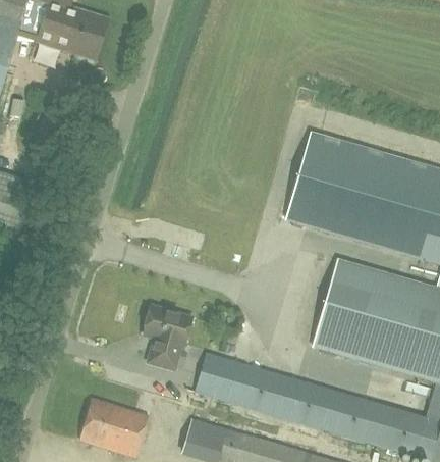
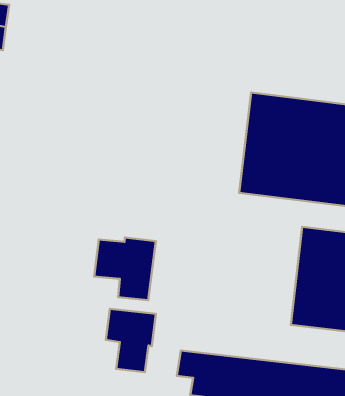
building: none -> [94,237,156,300]

